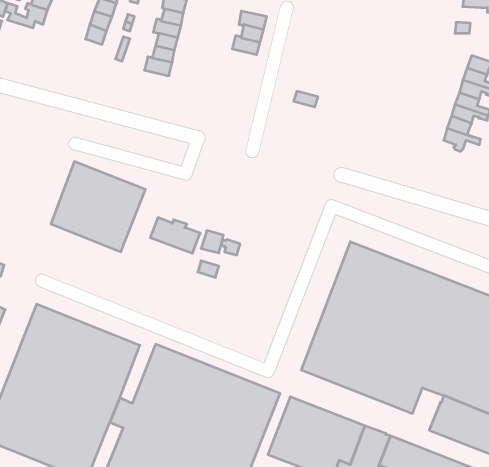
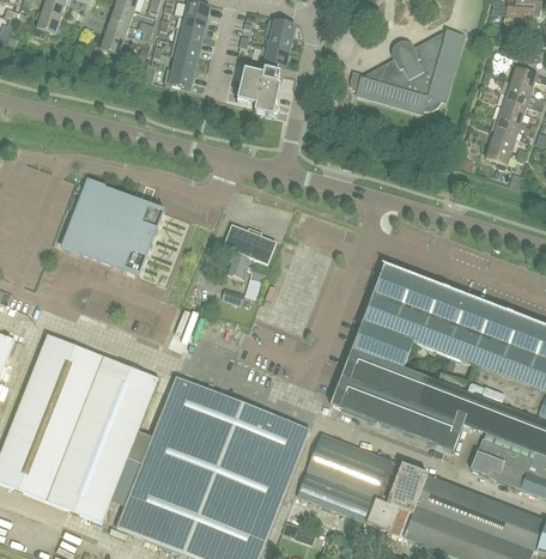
building: none -> [348,29,463,113]
building: none -> [236,68,279,116]
building: [150,218,200,253] -> [222,224,275,262]

